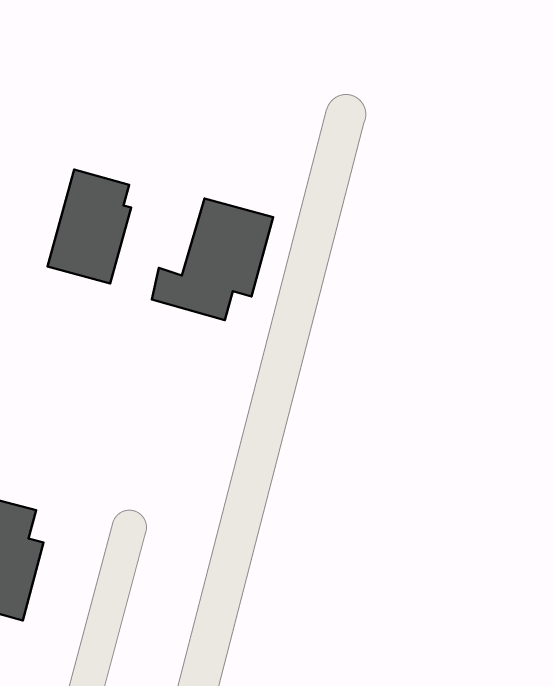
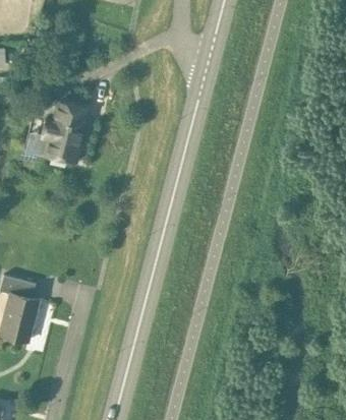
building: [152,199,273,320] -> none

